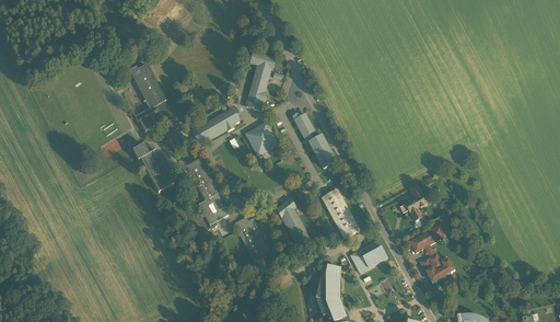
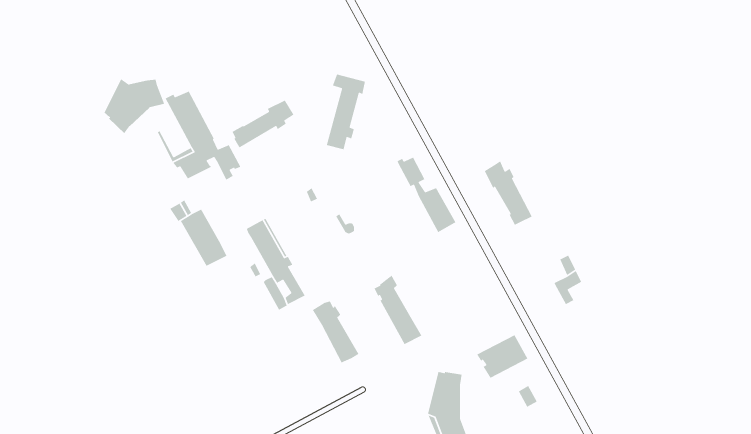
building: none -> [103,78,165,134]
building: [194,110,238,145] -> [231,99,294,148]
building: [246,123,278,156] -> none
building: [323,191,358,238] -> [484,160,533,226]
building: [409,223,455,281] -> none

